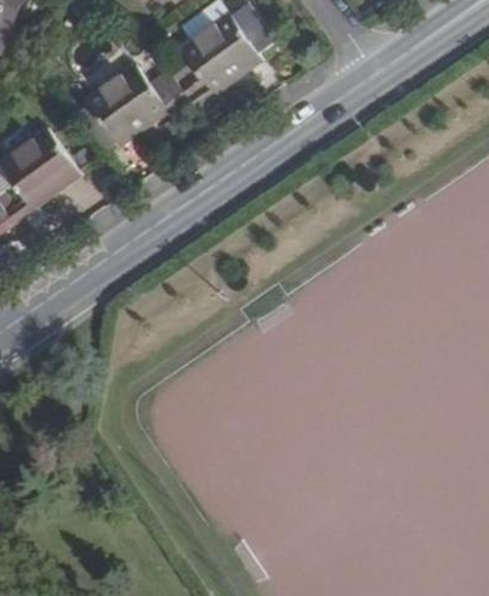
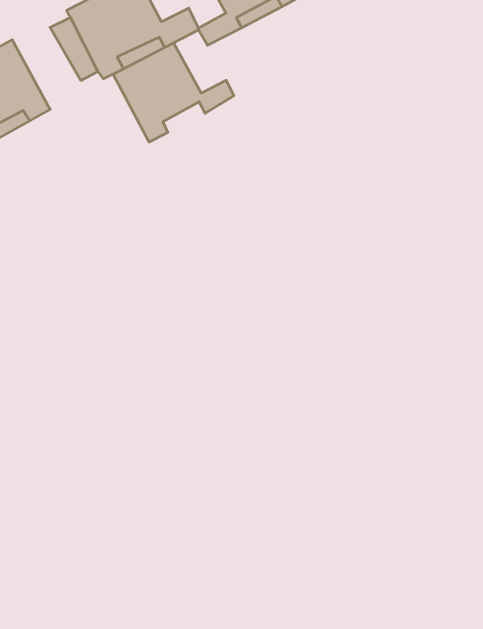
building: none -> [113,43,234,142]

